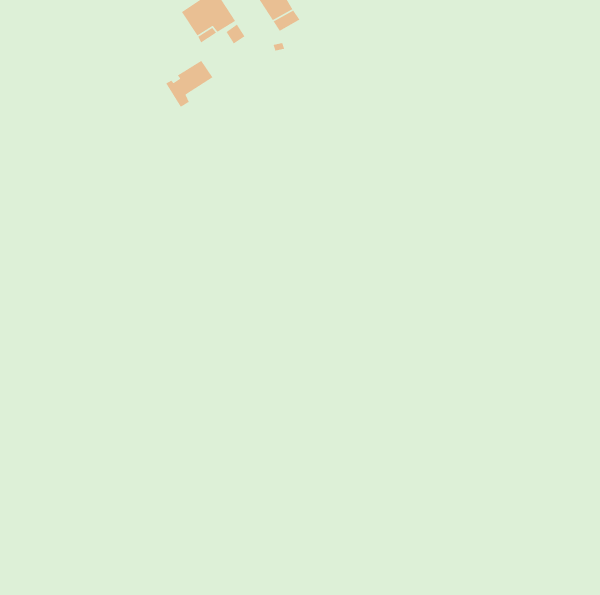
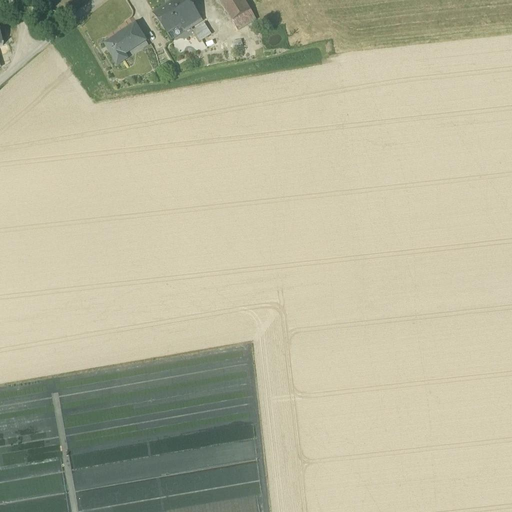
building: [165,60,213,108] -> [104,22,145,63]

